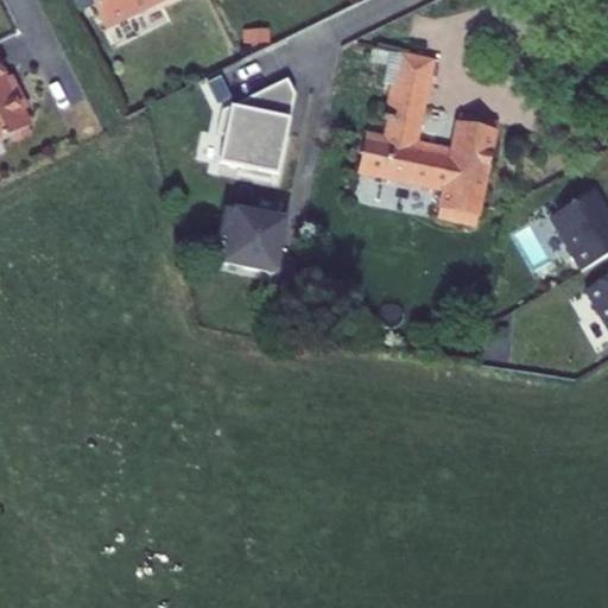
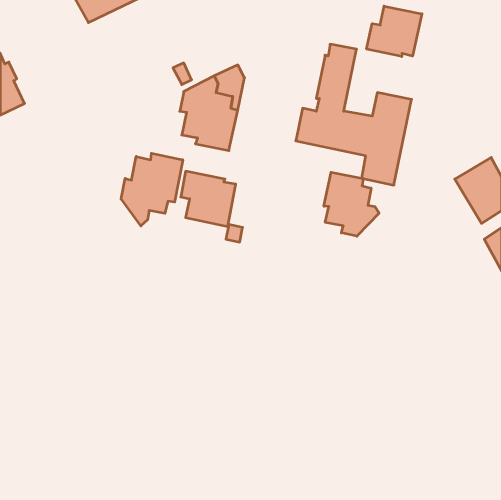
building: none -> [367,6,422,57]
building: none -> [121,153,183,226]
building: none -> [324,172,379,236]

